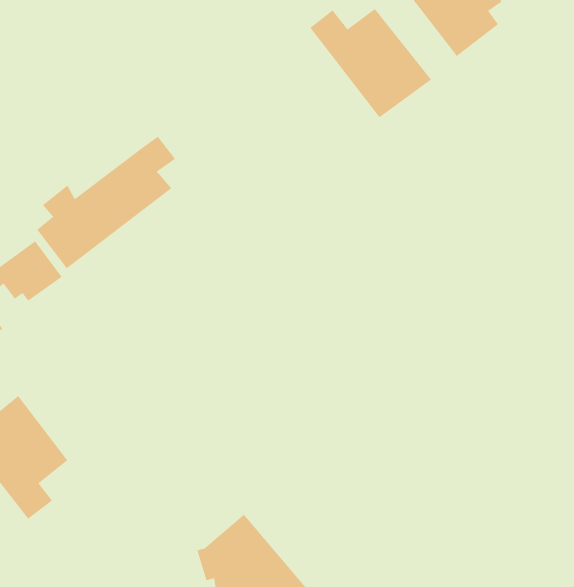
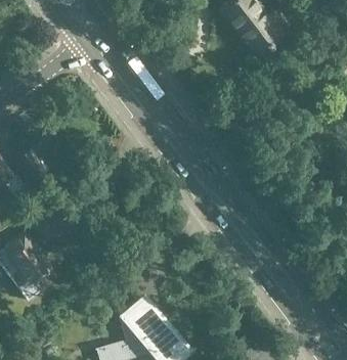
building: [310,8,432,118] -> none
building: [36,136,176,269] -> none

